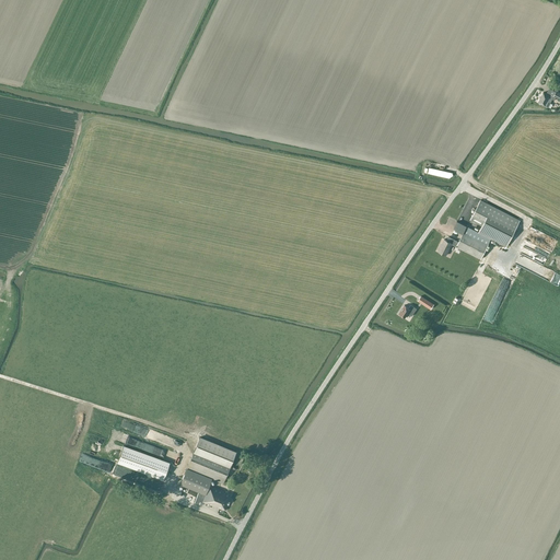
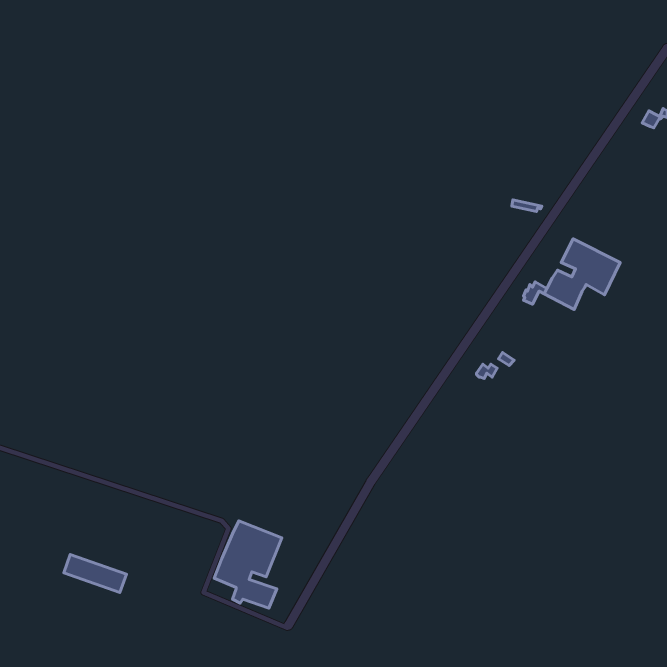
building: [117,446,170,478] -> [64,555,126,593]

